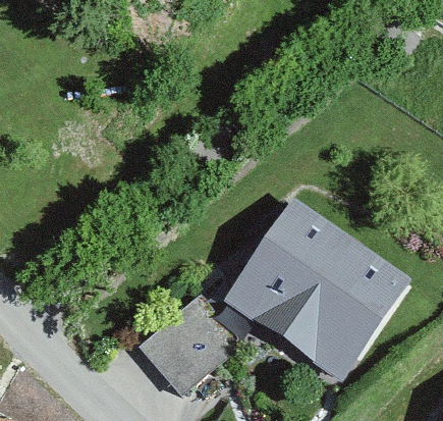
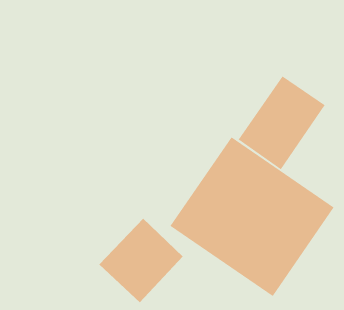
building: none -> [238,75,326,170]

